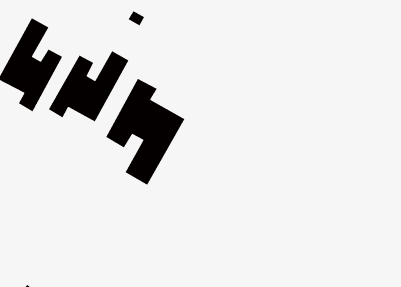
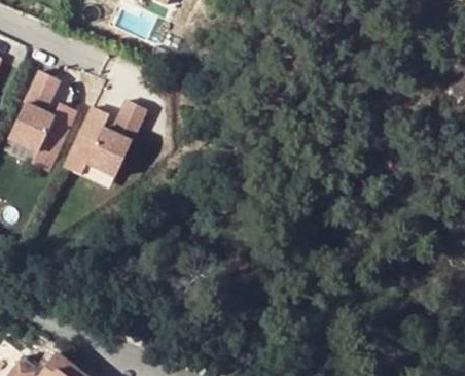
building: [105,78,185,186] -> none

